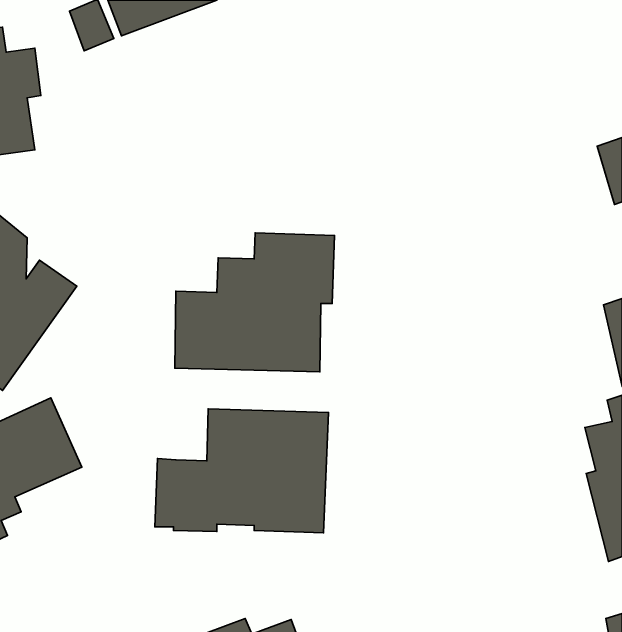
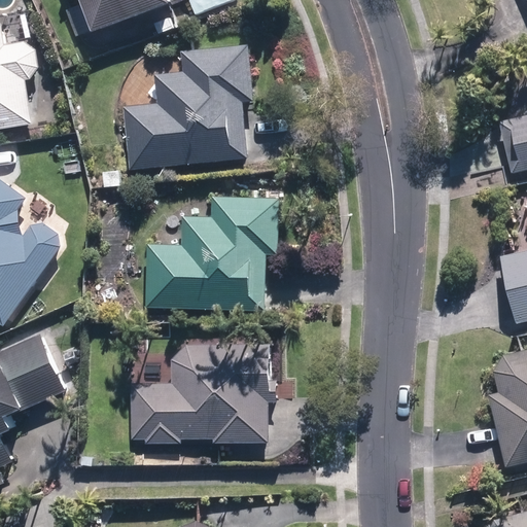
building: none -> [126,46,269,170]

